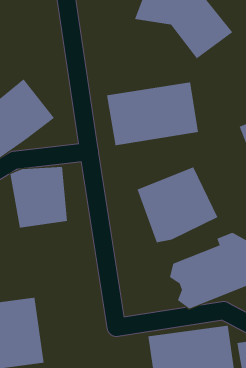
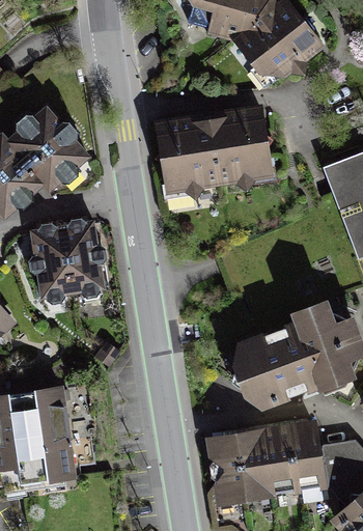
building: [137,166,218,243] -> none

